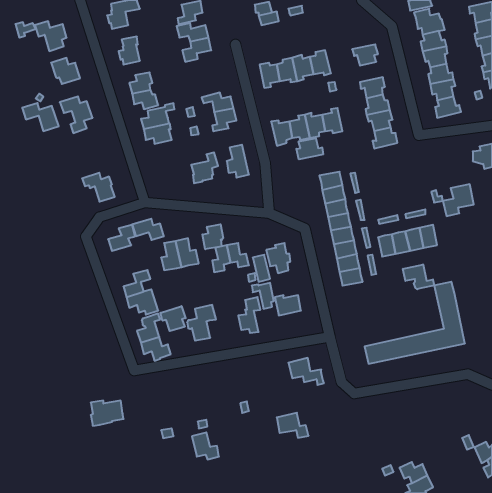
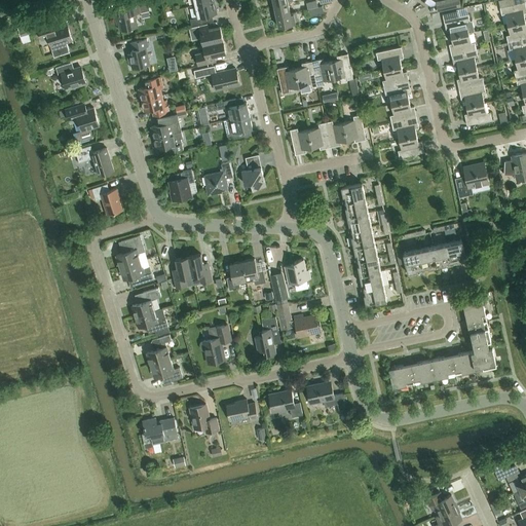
building: none -> [381,66,408,87]
building: none -> [193,67,238,90]
building: [22,103,59,131] -> [74,145,113,175]
building: [296,138,323,159] -> none
building: none -> [167,168,194,200]
building: [443,184,474,216] -> [454,162,487,196]
building: [132,219,164,240] -> [119,261,153,284]
building: [202,224,223,249] -> none
building: [403,264,434,289] -> none
building: [160,306,186,331] -> none
building: none -> [226,399,258,421]
building: [91,401,124,426] -> [142,418,177,445]
building: [277,413,309,438] -> [268,389,302,416]
building: [192,432,219,459] -> [189,404,218,433]

